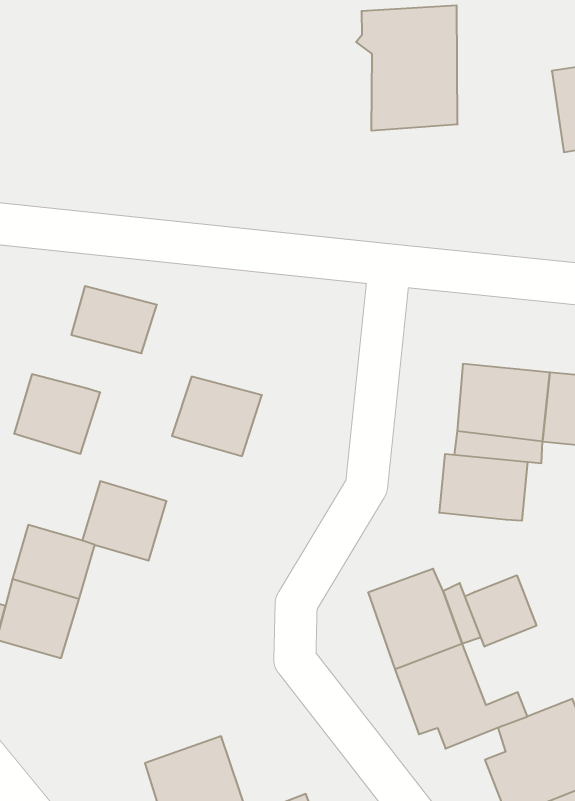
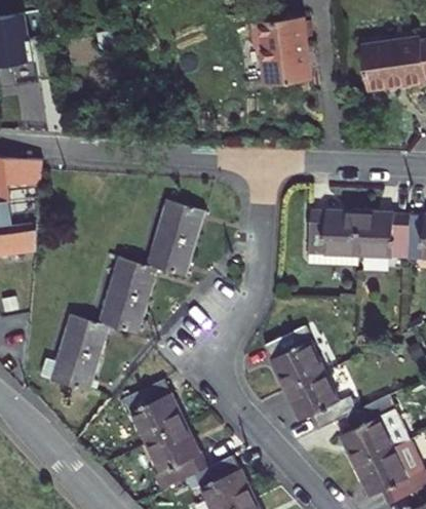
building: [71,286,157,353] -> [159,200,206,236]
building: [14,374,100,454] -> [111,256,158,299]
building: [439,454,528,521] -> none
building: [465,575,536,647] -> none
building: none -> [128,388,187,446]

